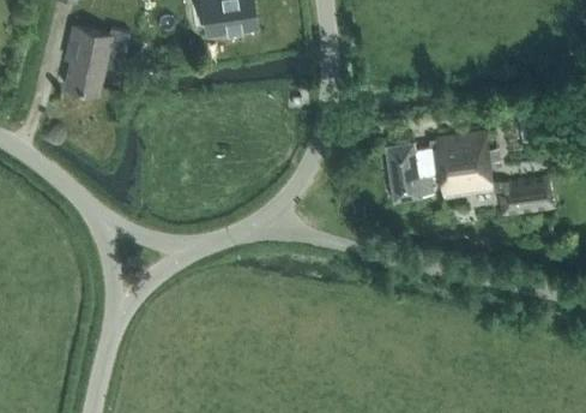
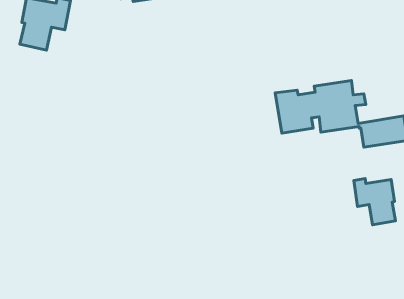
building: none -> [354,178,396,225]

